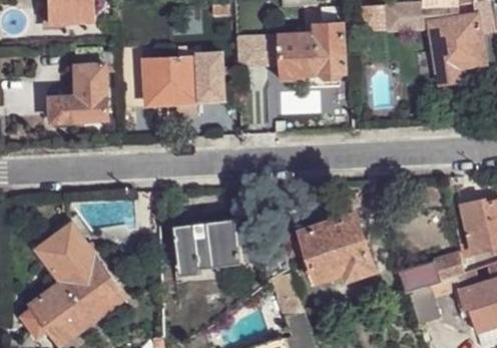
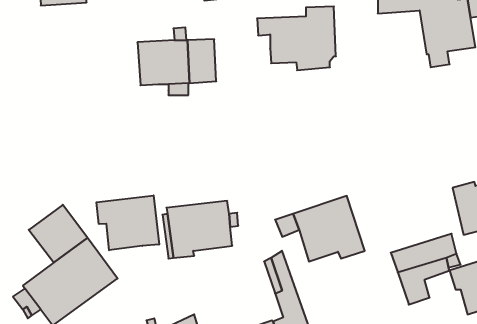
building: [236,35,278,67] -> none
building: [51,48,114,120] -> none
building: none -> [96,195,159,250]

